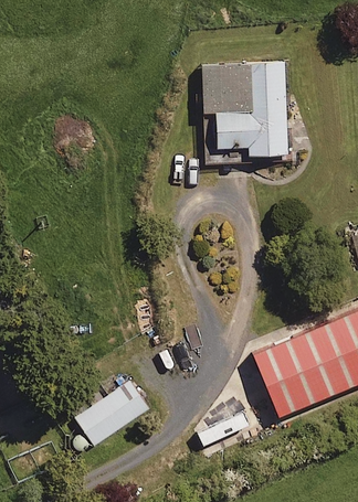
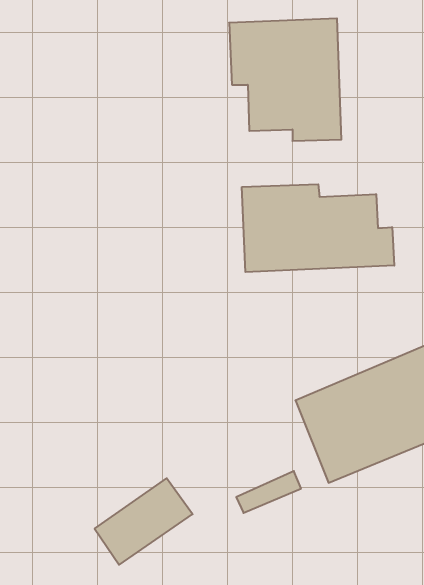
building: none -> [242,184,394,272]
building: [73,380,148,446] -> [95,478,193,565]

